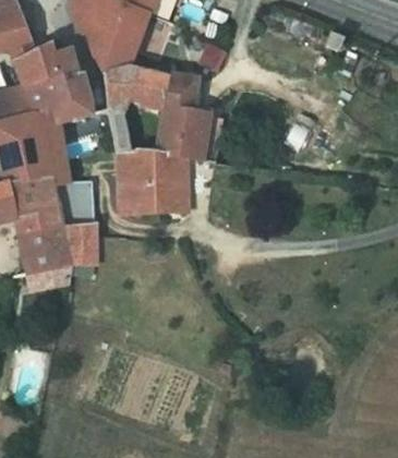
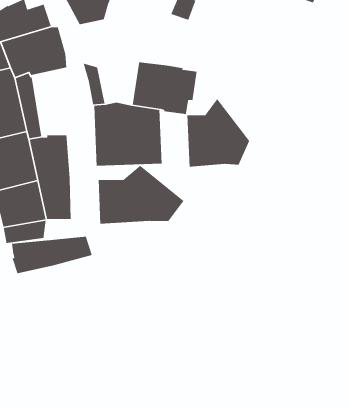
building: [104,65,195,110] -> none
building: none -> [187,98,250,167]
building: none -> [98,165,185,225]
building: none -> [11,236,93,274]

